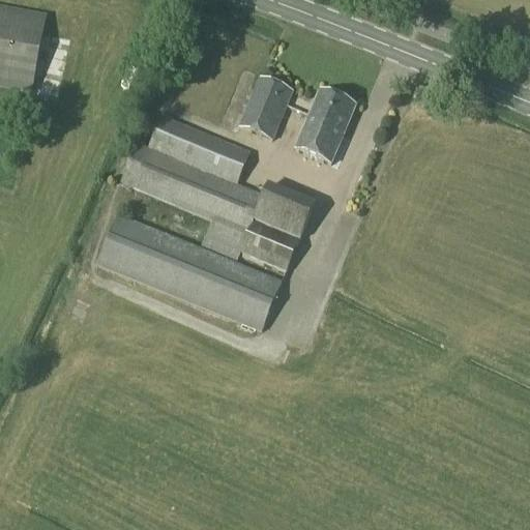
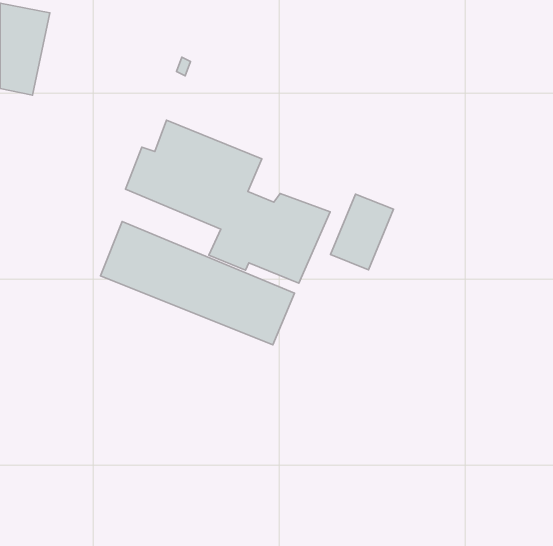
building: [238,75,294,140] -> none
building: [295,90,355,163] -> [331,194,393,270]

